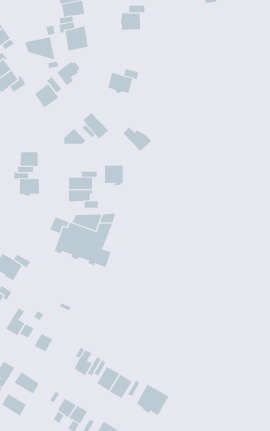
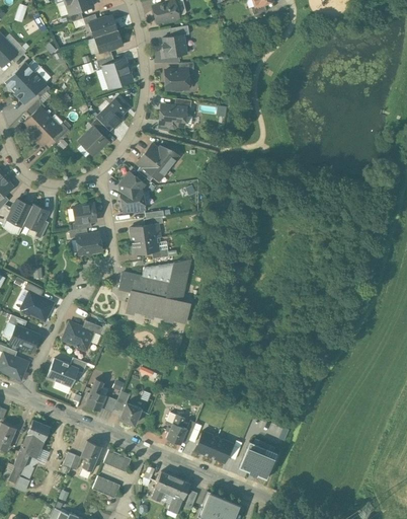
building: [25,37,55,60] -> none
building: none -> [165,69,191,91]
building: [123,127,152,151] -> [145,144,178,169]
building: [104,165,123,186] -> [119,189,144,213]

